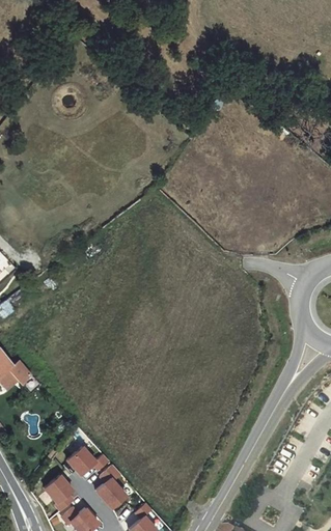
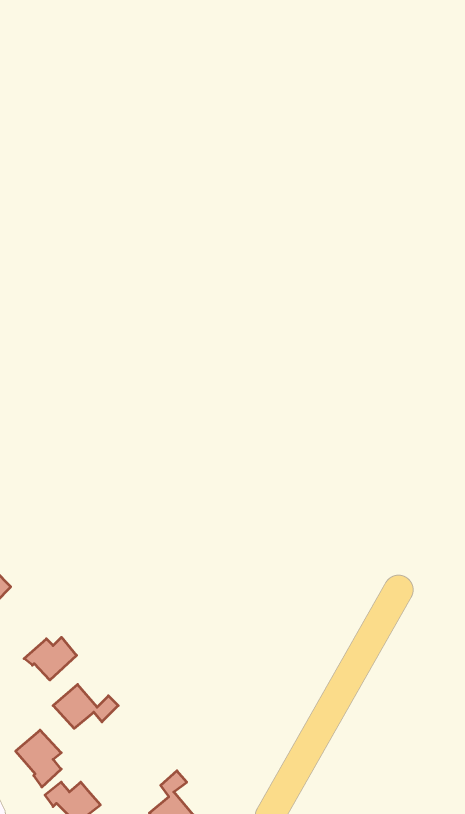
building: none -> [24,637,77,680]
building: [96,464,127,507] -> none

